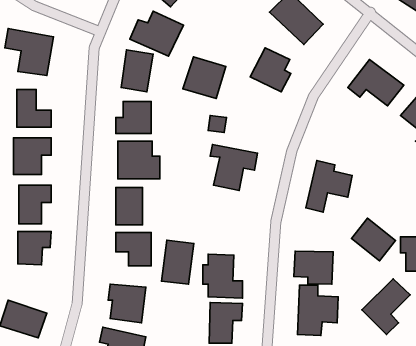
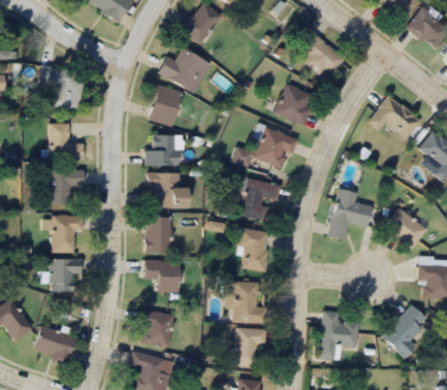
building: [183,57,226,99] -> [255,128,296,168]
building: [352,218,396,261] -> [385,208,427,250]
building: [162,240,194,284] -> [240,229,270,271]
building: [294,251,333,284] -> none

